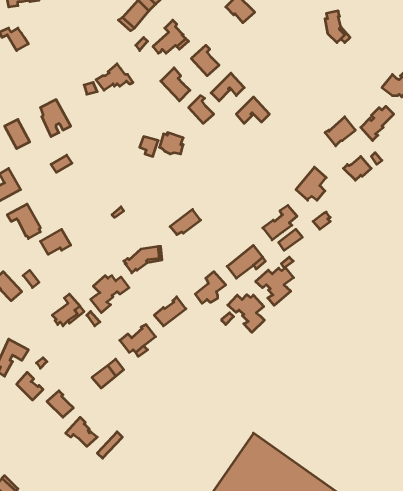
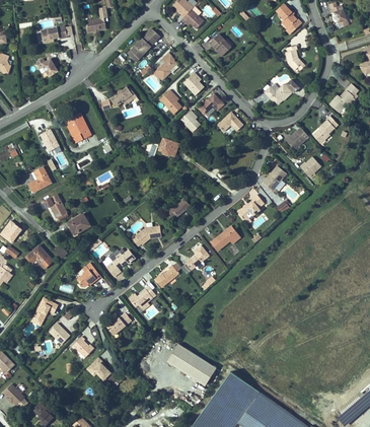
building: none -> [264,79,297,103]
building: [256,268,294,305] -> none
building: [228,295,264,332] -> none
building: none -> [166,344,216,385]

